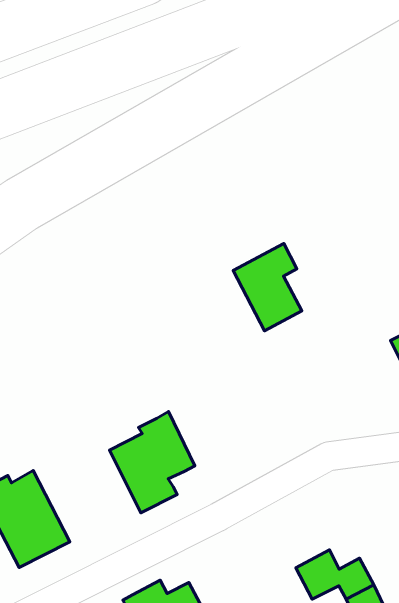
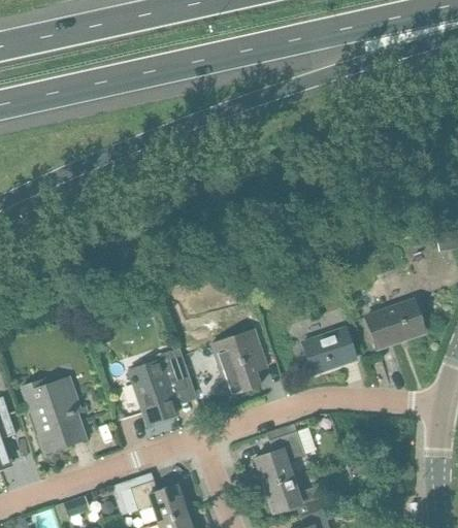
building: [233,243,302,331] -> [211,329,262,396]
building: none -> [303,328,357,374]
building: none -> [255,431,305,486]

